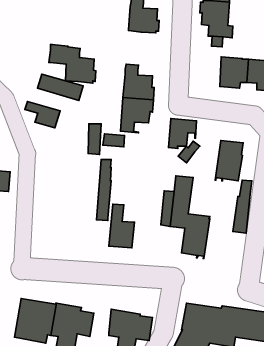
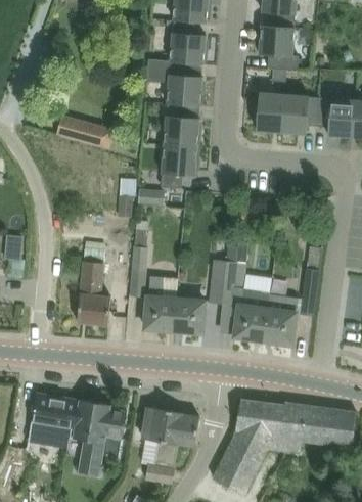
building: [49,44,96,83] -> [146,58,205,106]
building: none -> [254,92,284,131]
building: [25,102,60,128] -> none
building: [169,118,197,149] -> none
building: [215,140,243,181] -> [263,294,298,345]
building: none -> [78,262,110,325]
building: none -> [174,299,206,332]

